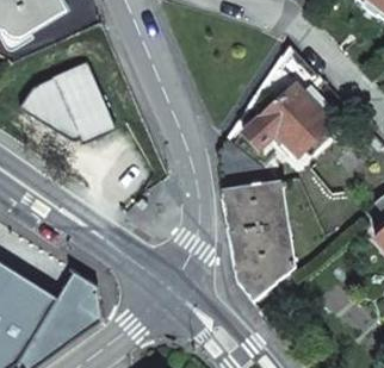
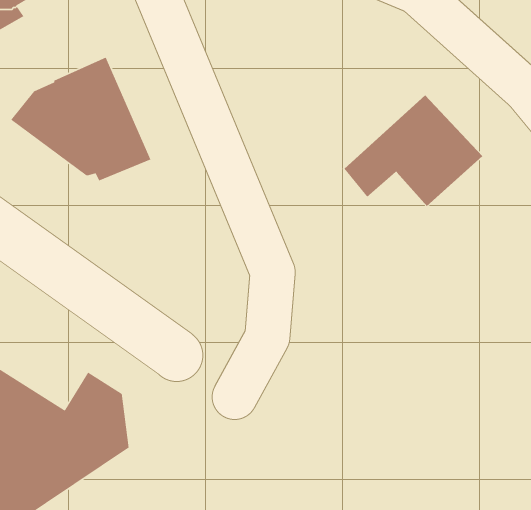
building: [221,181,295,302] -> none

